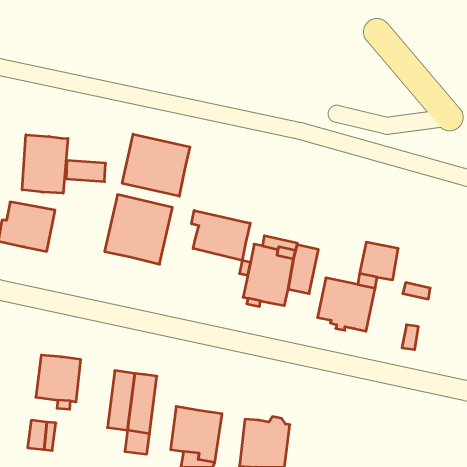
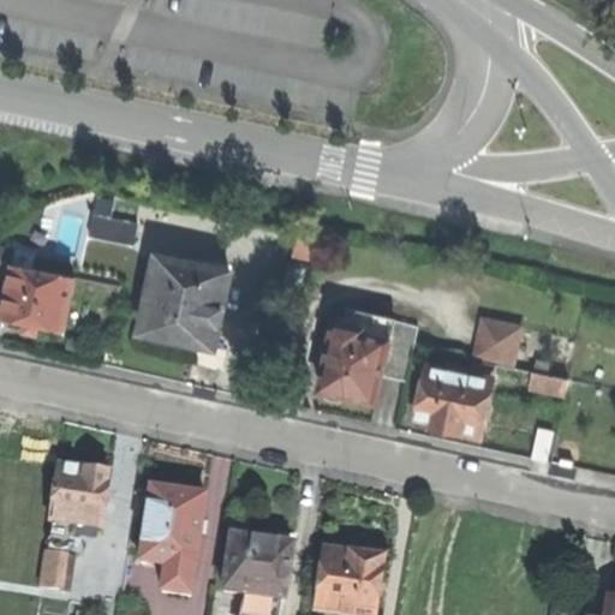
building: [122,134,190,196] -> none
building: [22,135,68,193] -> none
building: [192,210,250,261] -> none

